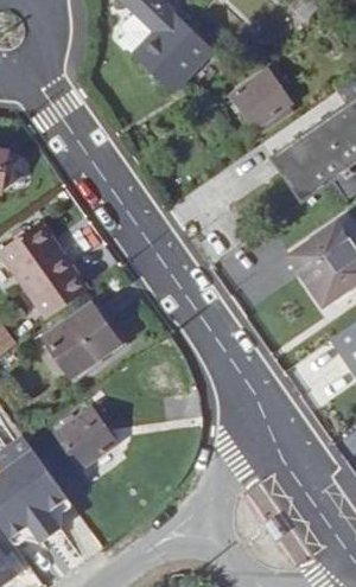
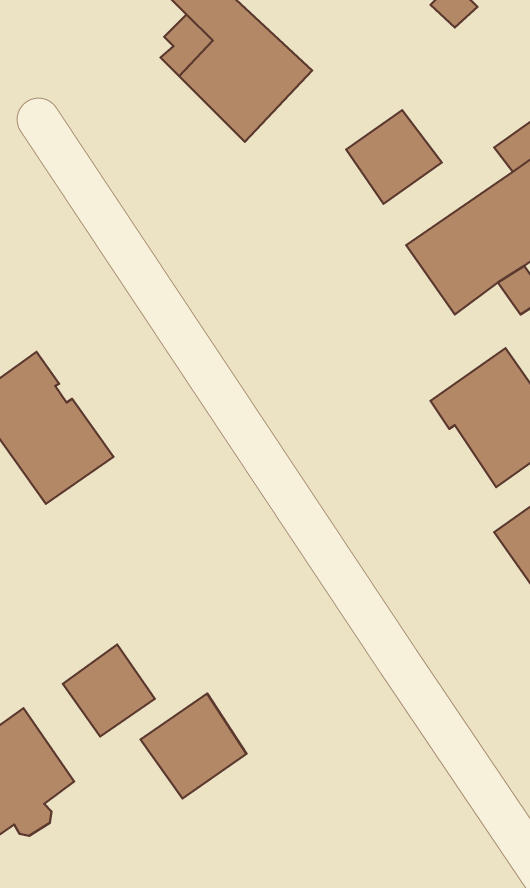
building: [45,304,119,376] -> none
building: none -> [141,694,246,799]

